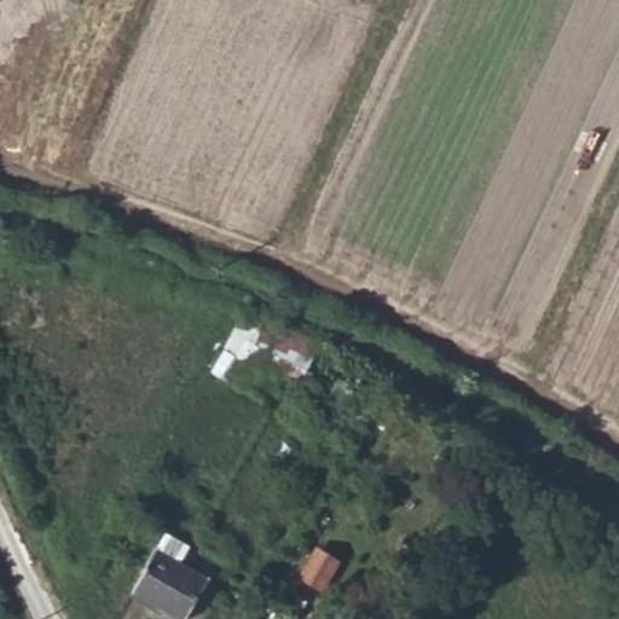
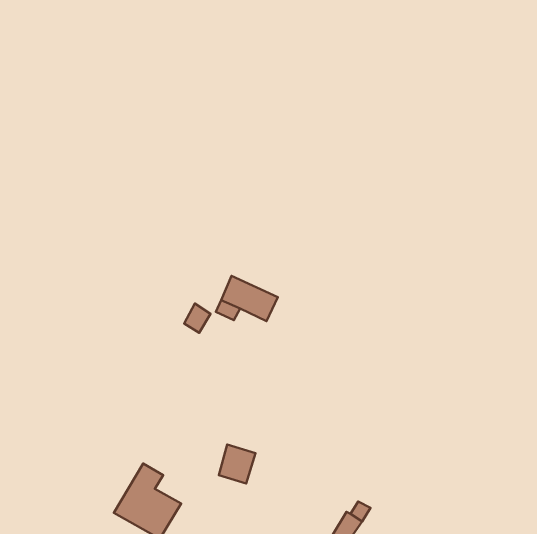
building: [297,548,340,592] -> [219,445,256,484]

